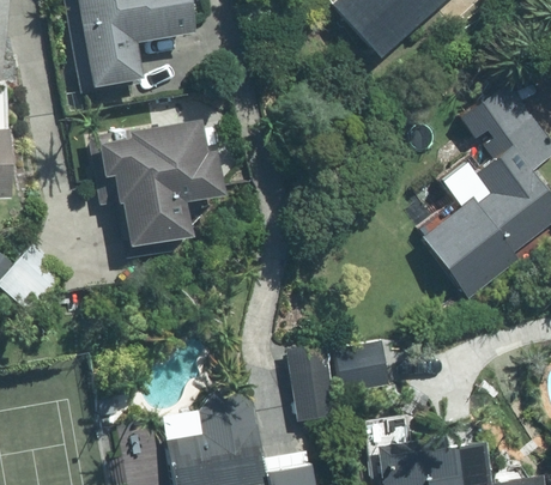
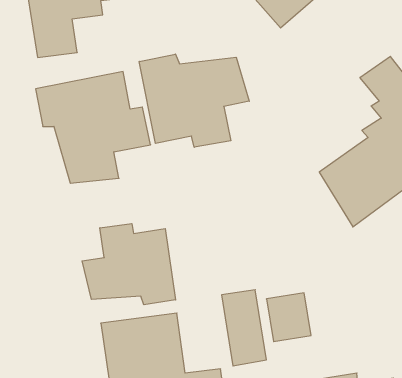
building: none -> [139,54,249,147]
building: none -> [82,224,176,305]

